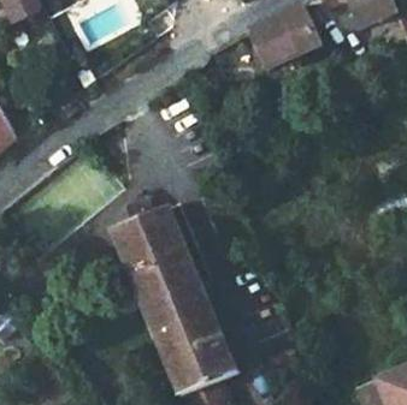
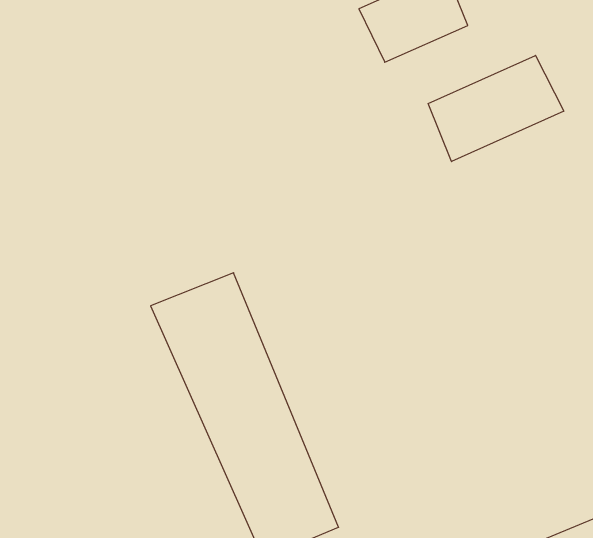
building: none -> [428,55,564,162]

